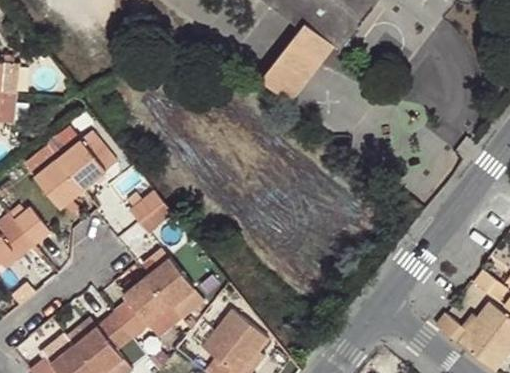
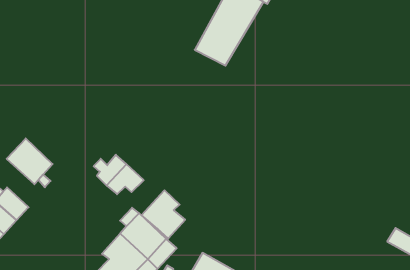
building: [57,128,117,187] -> none
building: none -> [141,190,185,239]

